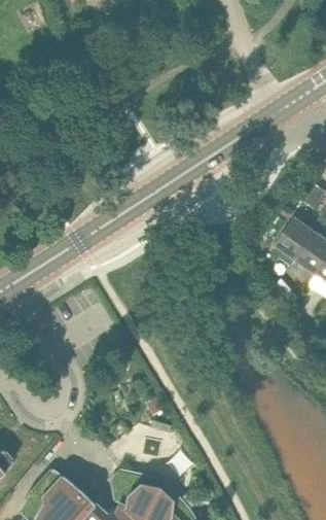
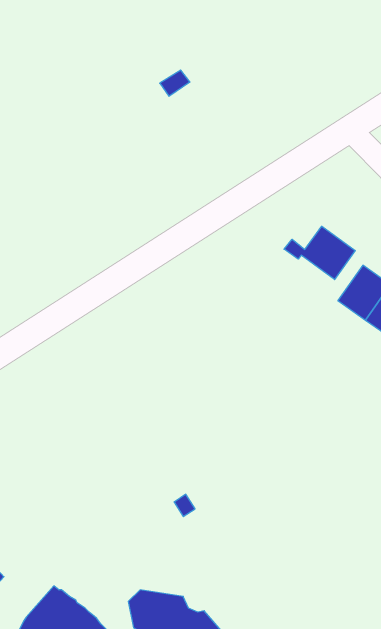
building: none -> [284,226,355,280]

